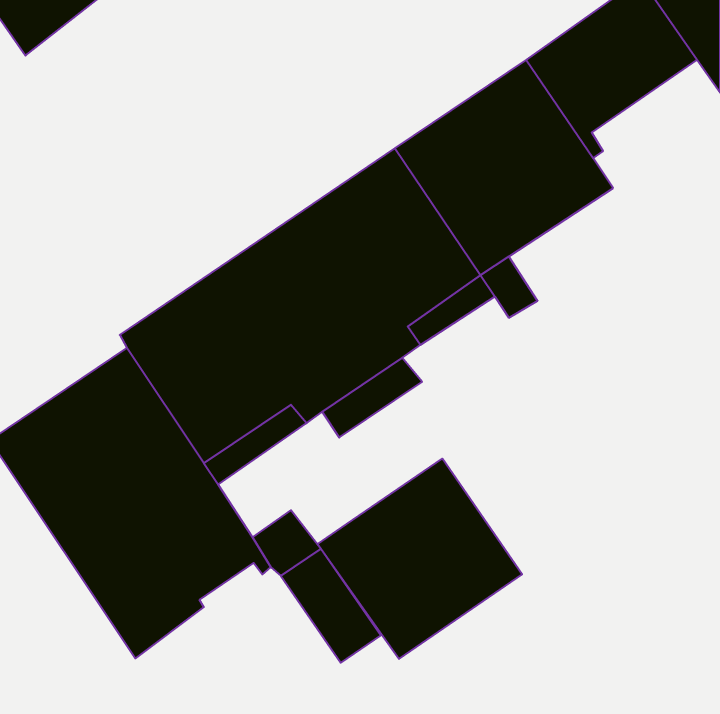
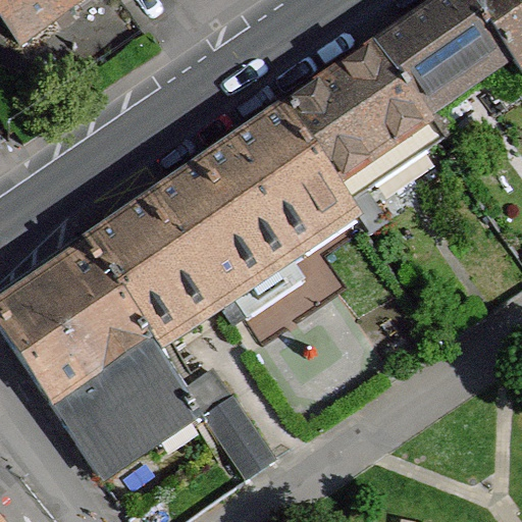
building: [318,459,522,659] -> none

